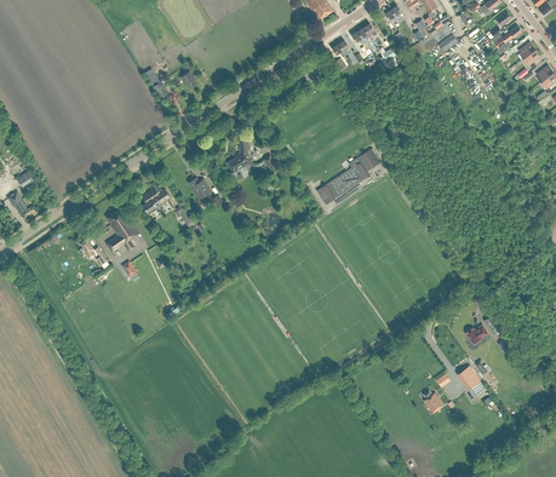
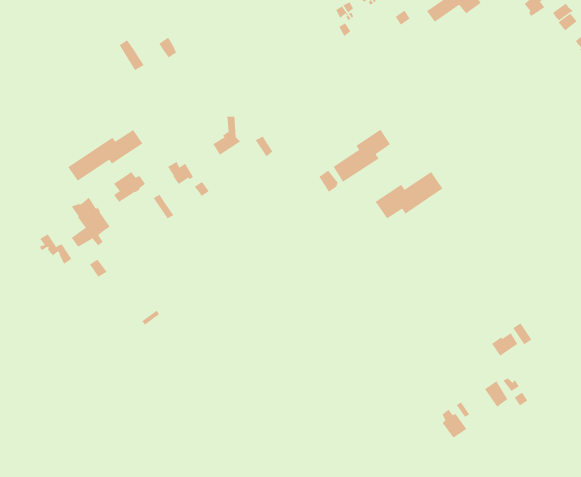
building: none -> [68,129,143,181]
building: none -> [375,171,443,219]

